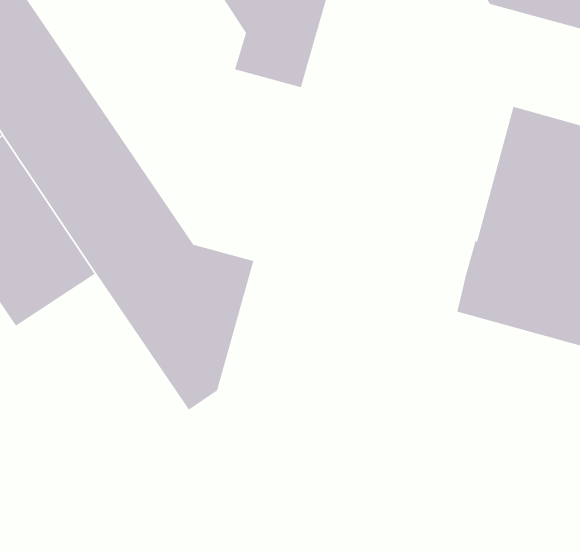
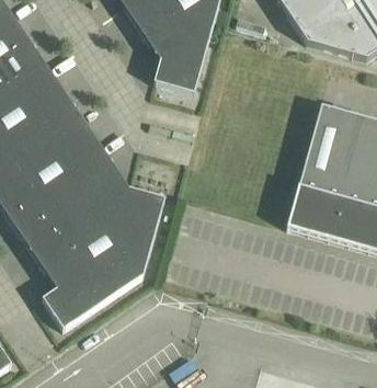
building: none -> [21,203,125,328]

